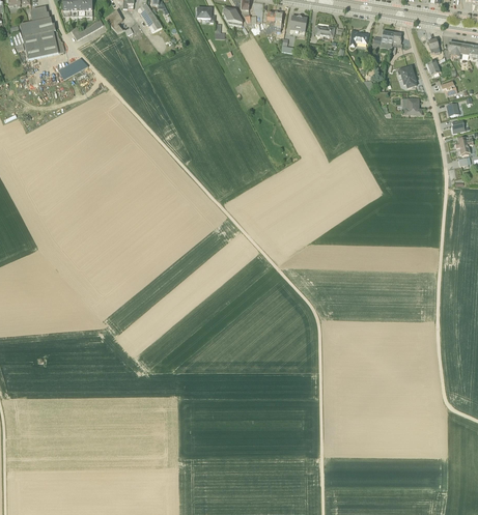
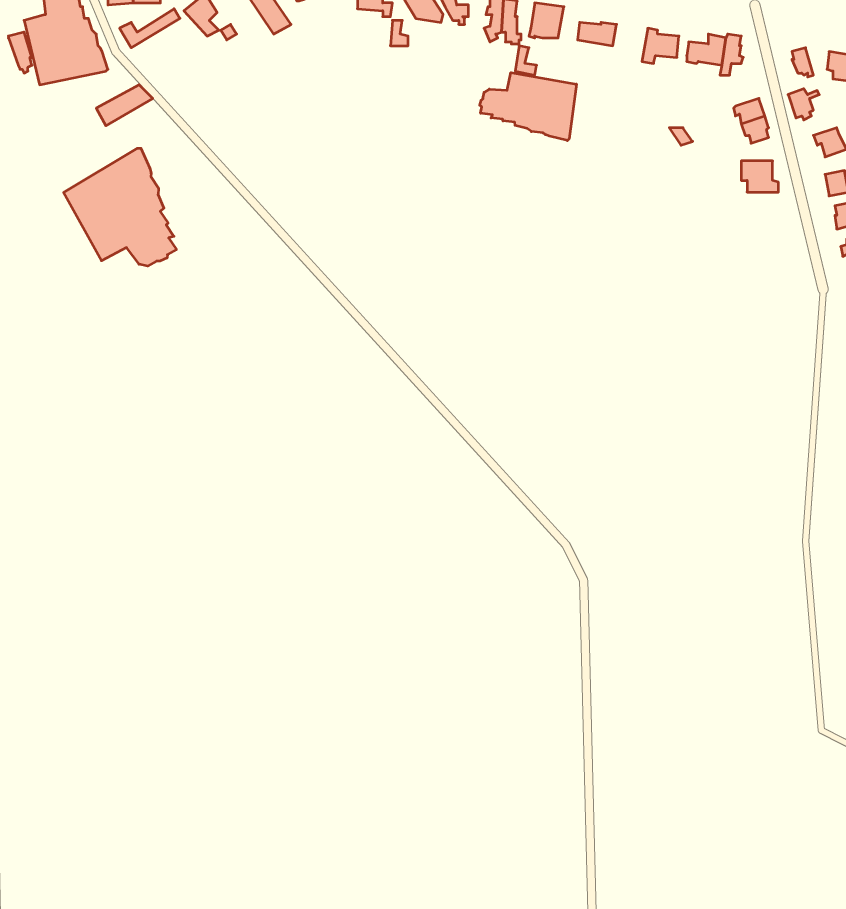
building: none -> [480,73,576,141]
building: none -> [64,148,176,266]

